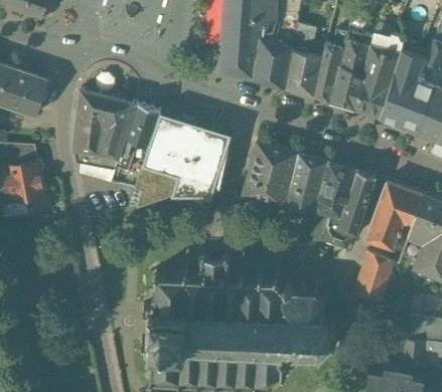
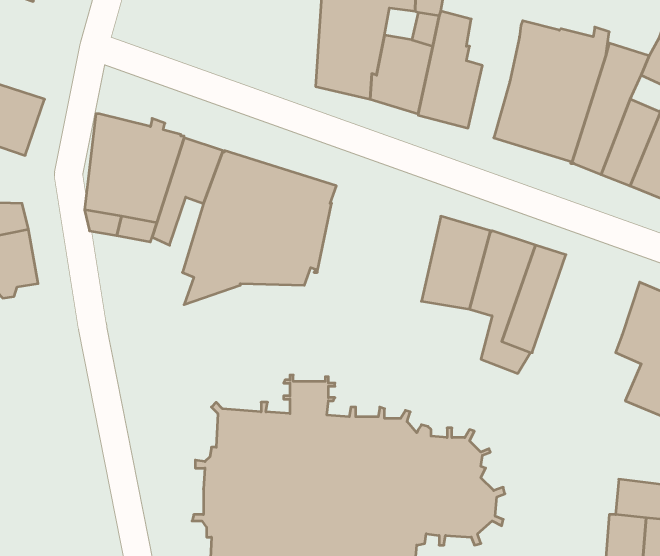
building: [315,31,348,104] -> none
building: [243,142,298,206] -> none
building: [365,181,423,253] -> none
building: [353,252,395,306] -> none

